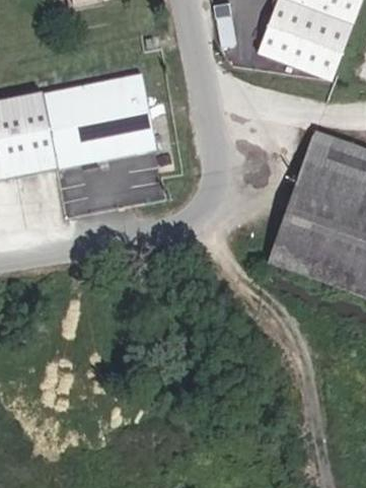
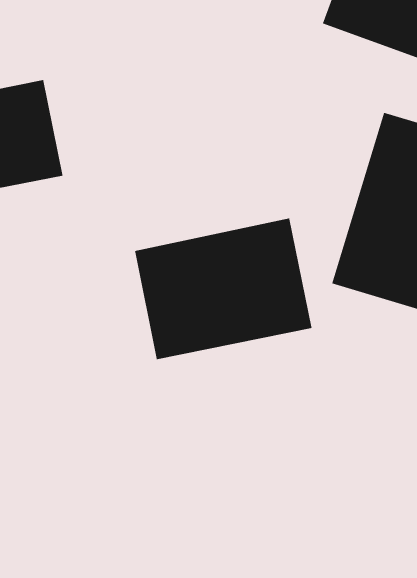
building: [44,74,162,169] -> none
building: none -> [134,218,312,360]

